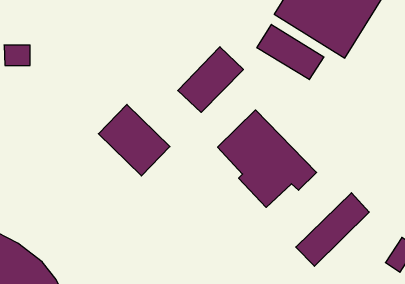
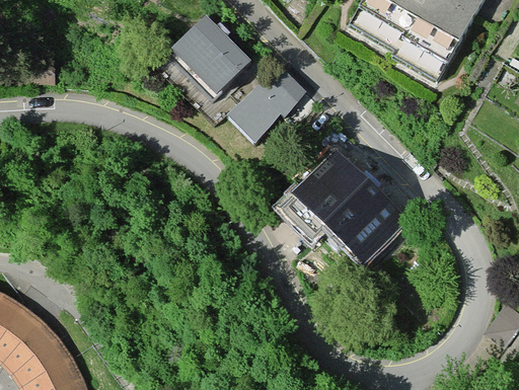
building: [257,24,324,80] -> none
building: [98,104,170,176] -> [153,15,242,104]
building: [296,193,369,266] -> none

